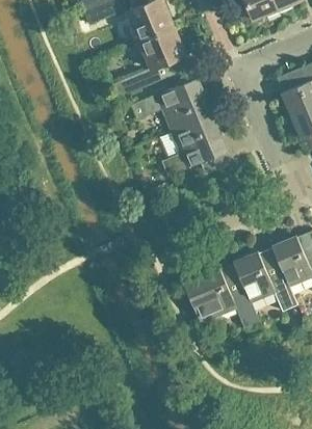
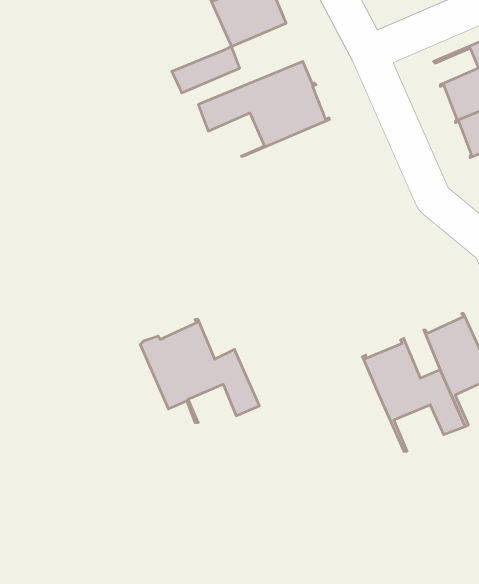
building: [157,113,226,176] -> none
building: [183,267,258,331] -> [140,320,259,422]

